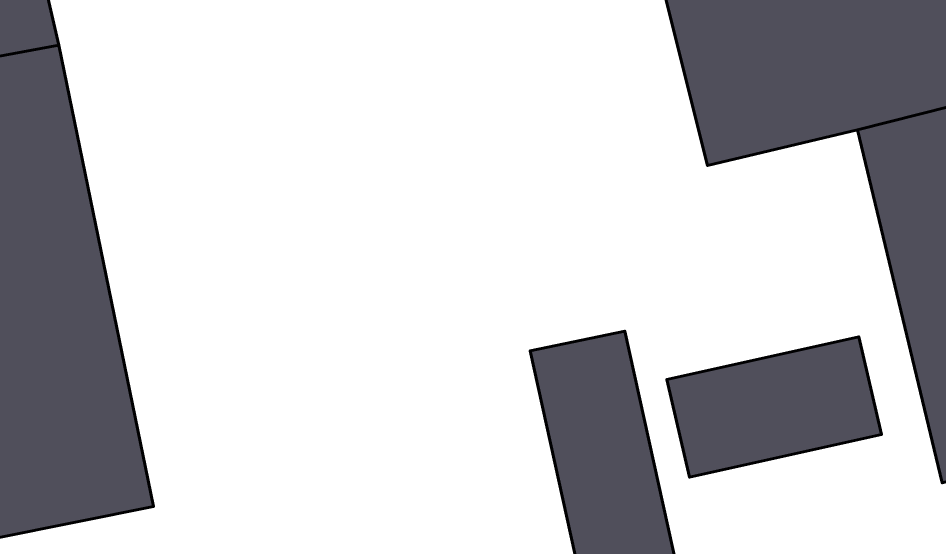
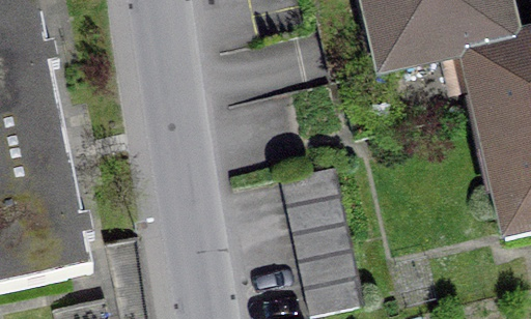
building: [667,337,881,477] -> none

